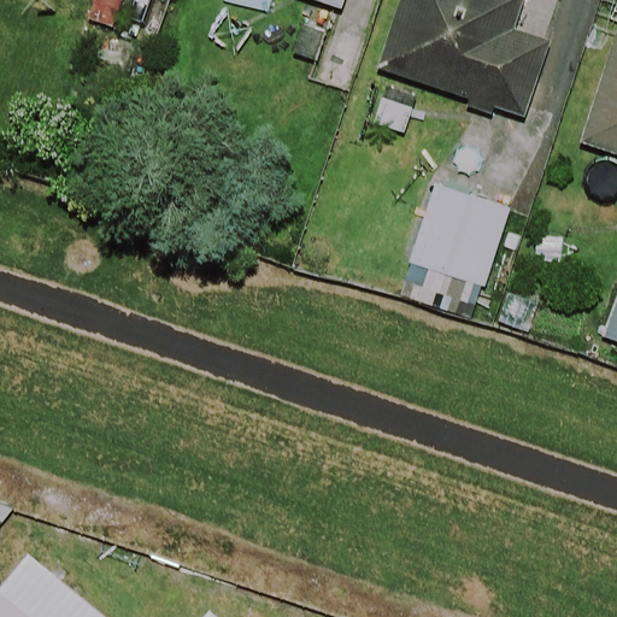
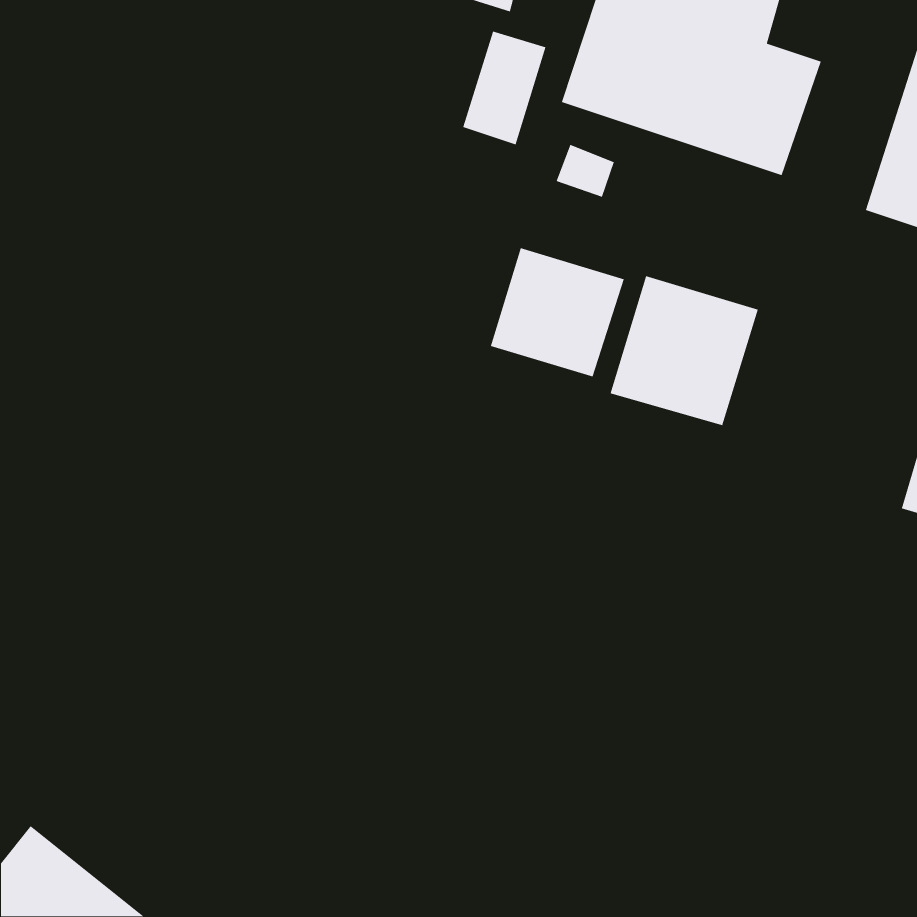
building: none -> [490,247,625,377]

